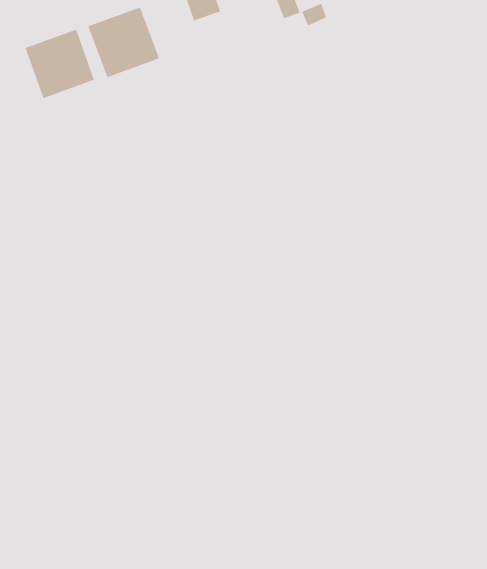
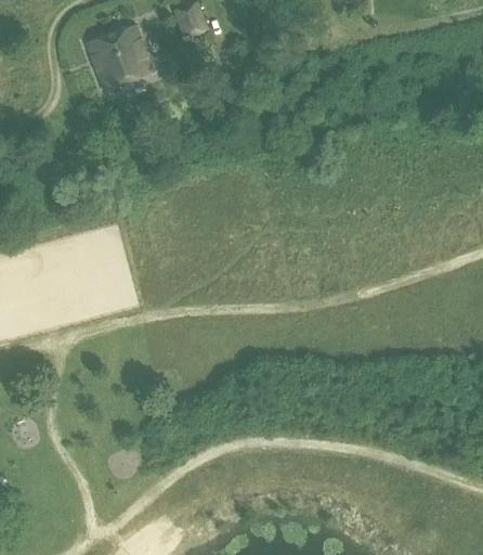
building: [25,29,95,99] -> none

